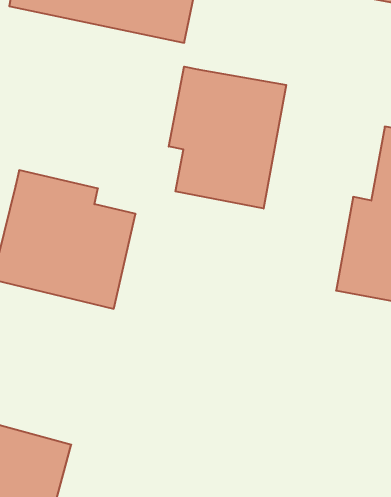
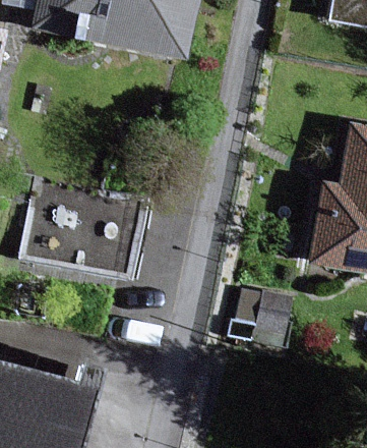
building: [169,67,286,209] -> none

